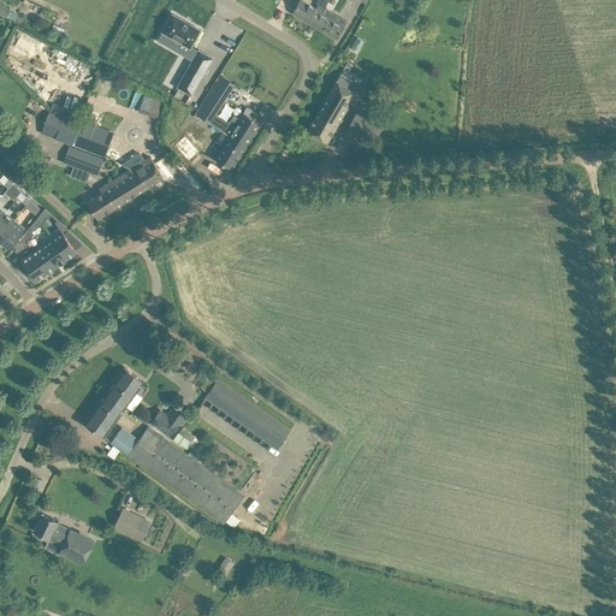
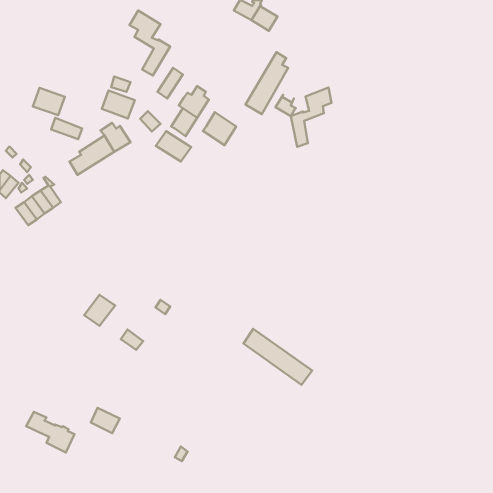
building: none -> [291,88,331,147]
building: [72,122,113,156] -> [102,91,135,119]
building: none -> [203,112,236,145]
building: none -> [156,131,191,162]
building: [205,380,290,450] -> [244,329,312,385]
building: [83,393,124,437] -> none
building: [109,428,242,525] -> none

